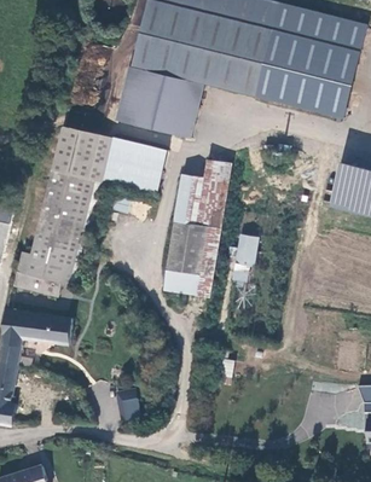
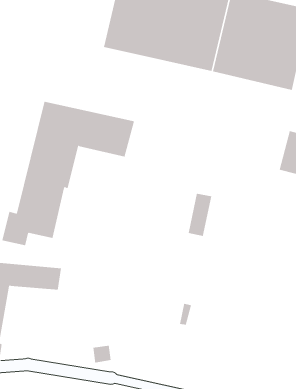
building: [116,65,199,137] -> none
building: [163,159,228,295] -> none

